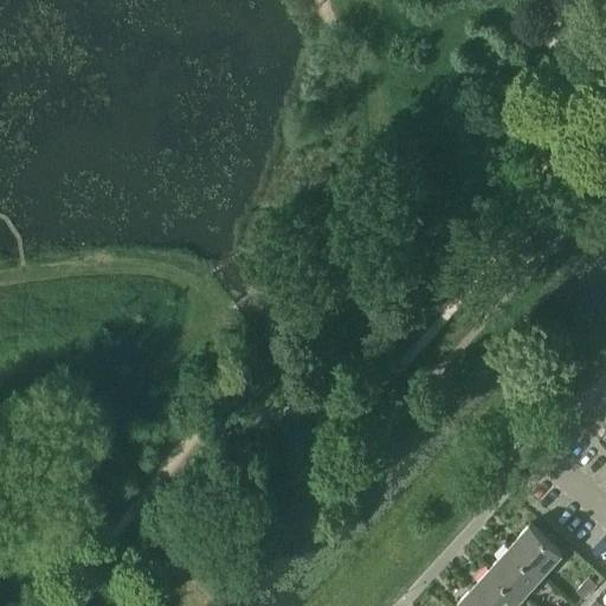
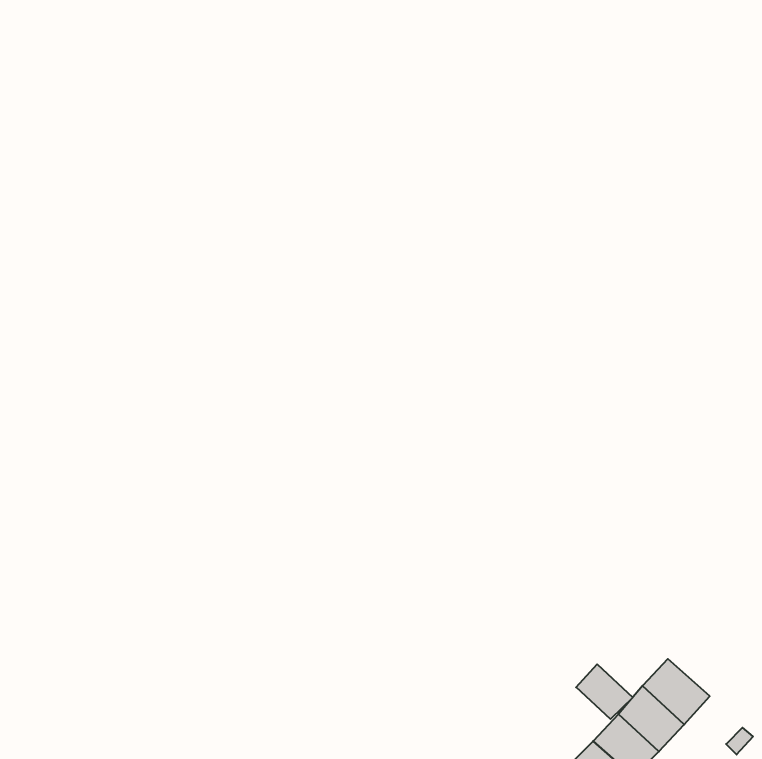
building: none -> [576,664,633,719]

